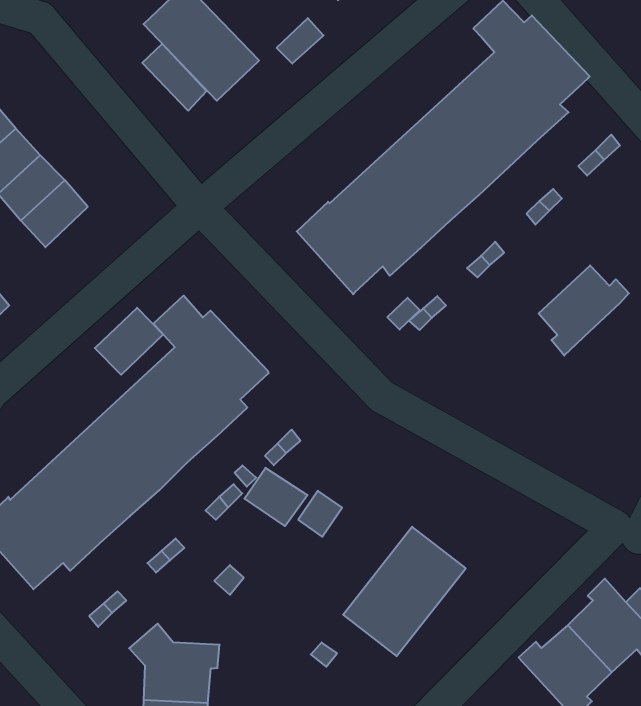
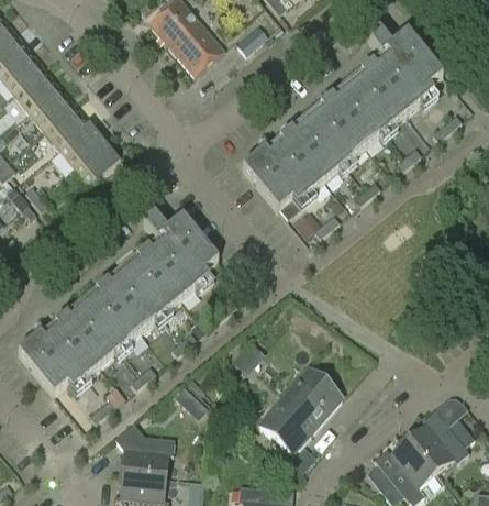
building: [142,44,207,111] -> none
building: [539,265,629,356] -> none
building: [95,308,163,375] -> [74,142,120,186]
building: [244,468,308,526] -> none

